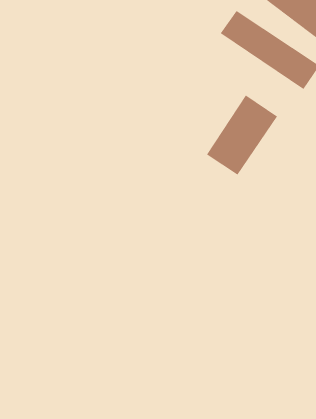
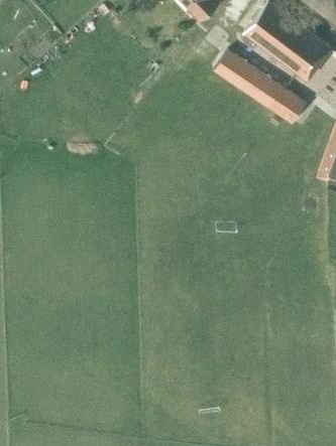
building: [206,94,278,175] -> none

